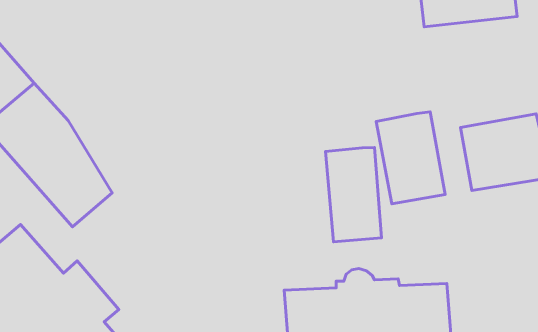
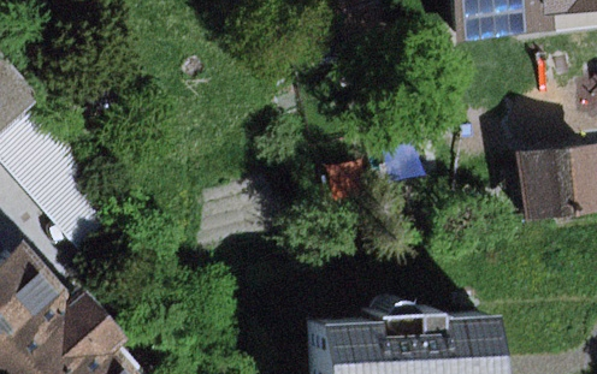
building: [376,112,445,204] -> none
building: [325,147,382,242] -> none

